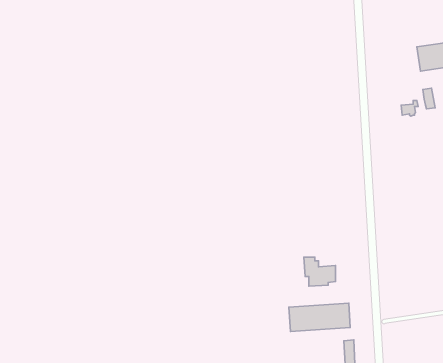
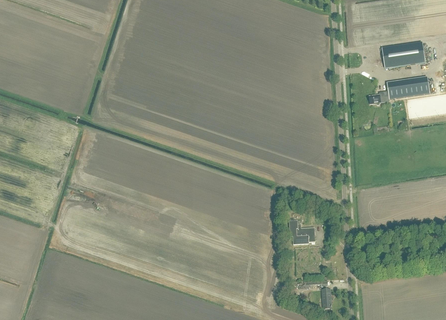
building: [289,303,350,331] -> none

